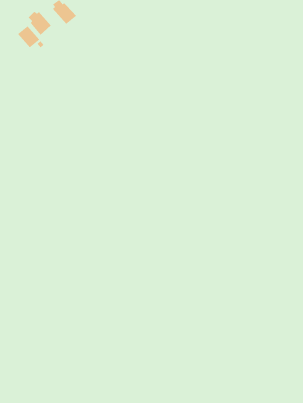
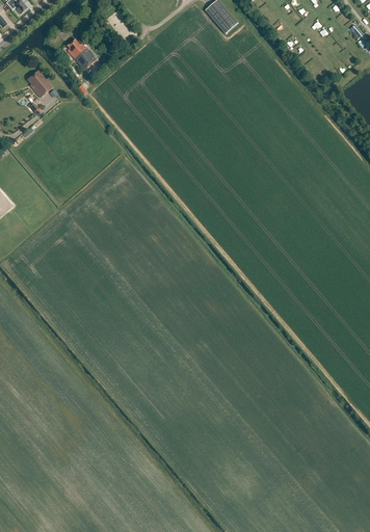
building: [28,11,51,35] -> none

